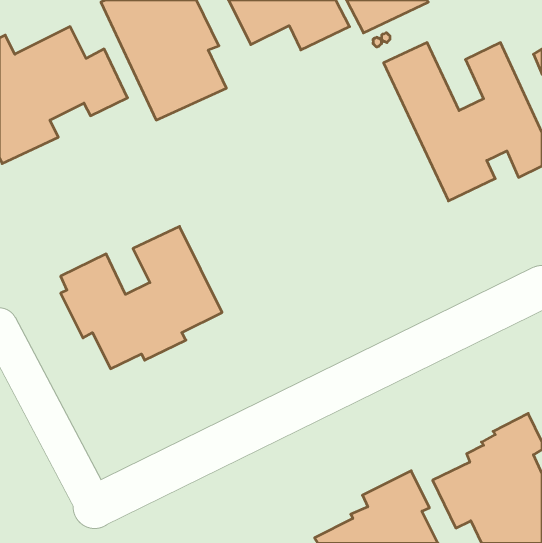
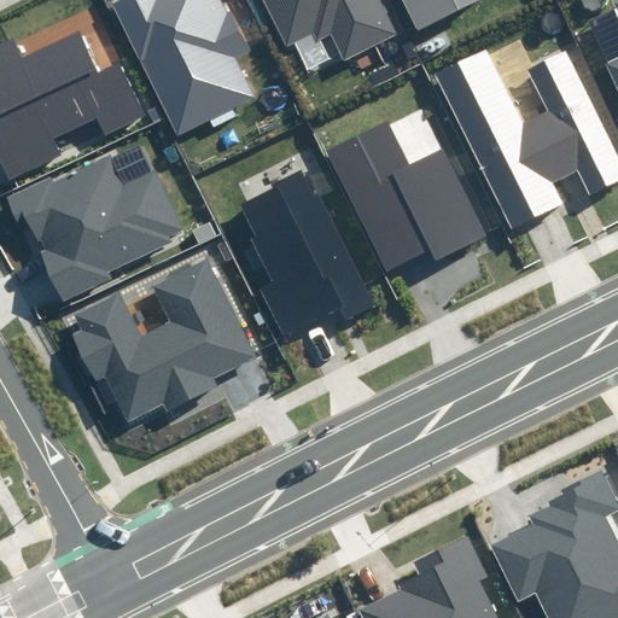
building: none -> [323,119,486,272]
building: none -> [13,156,186,303]
building: none -> [237,169,371,339]

